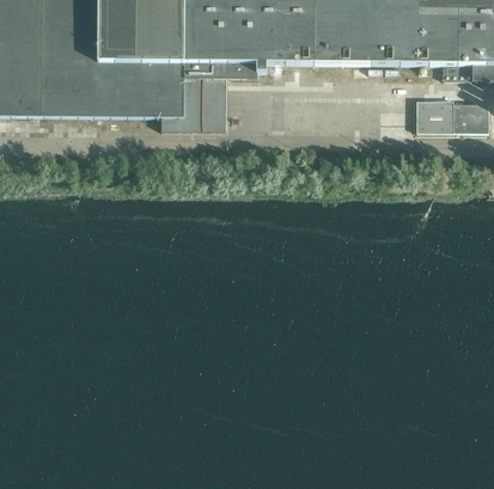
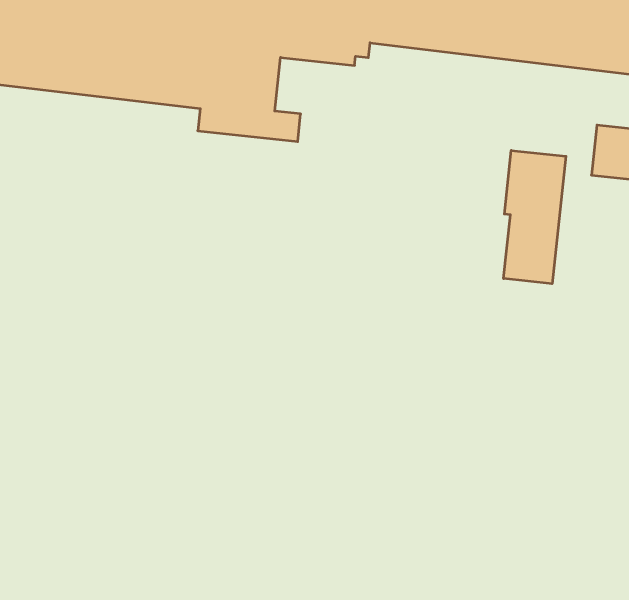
building: none -> [504,150,566,284]

